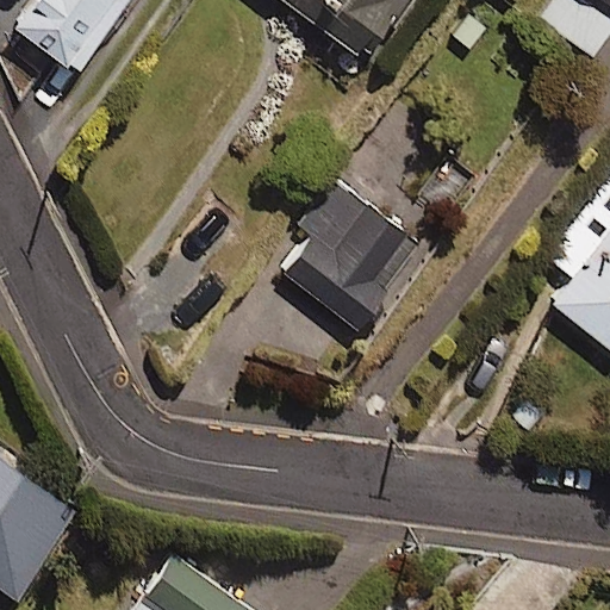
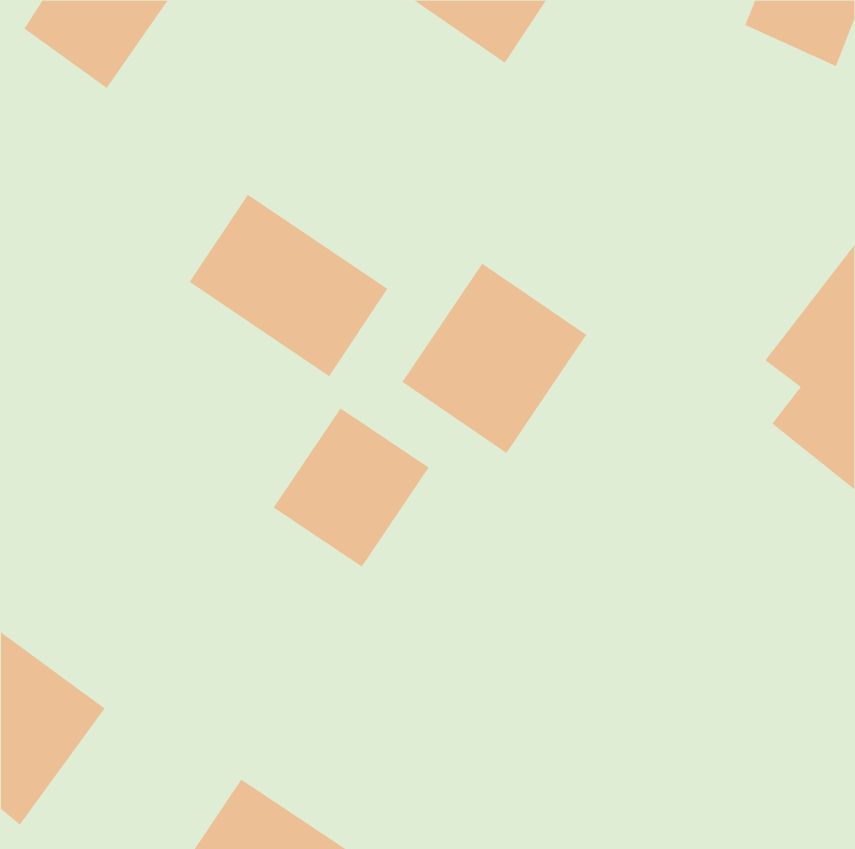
building: none -> [189,194,388,377]
building: none -> [273,407,430,567]

